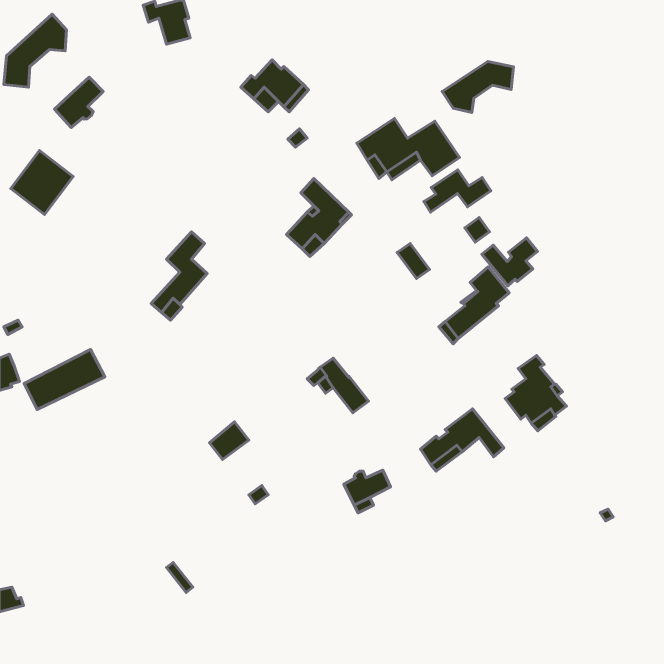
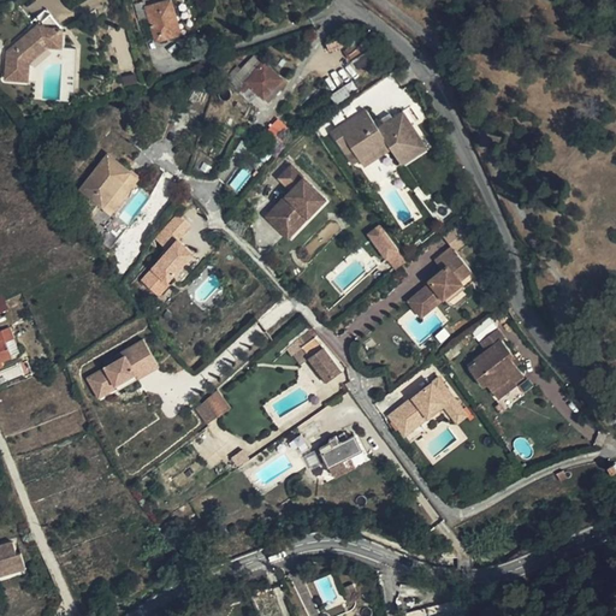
building: [442,62,513,113] -> none
building: [54,77,103,128] -> none
building: [11,151,73,214] -> [79,155,137,214]
building: [424,170,491,212] -> none
building: [482,238,537,286] -> none
building: [24,350,105,409] -> [83,344,158,399]

